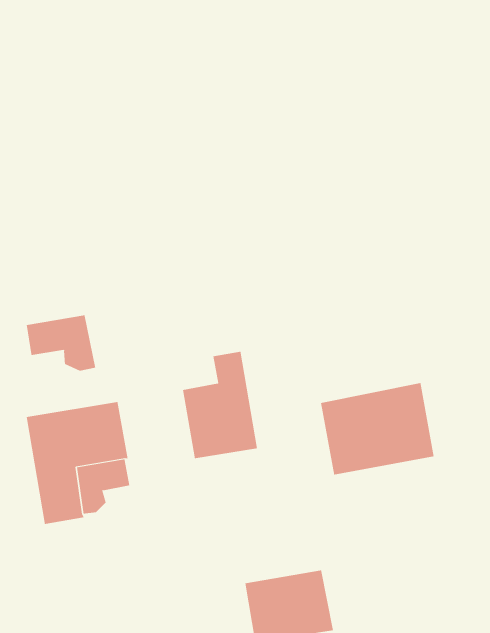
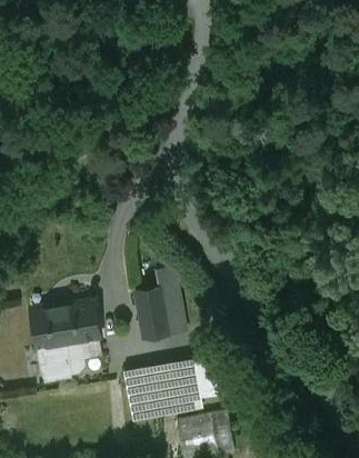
building: [26,314,96,372] -> none
building: [320,383,435,475] -> [126,359,201,420]

